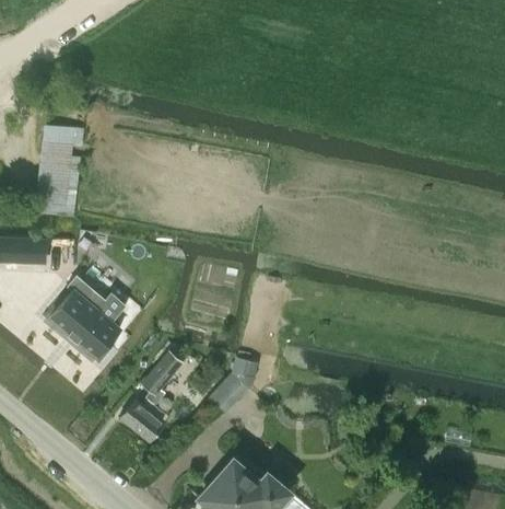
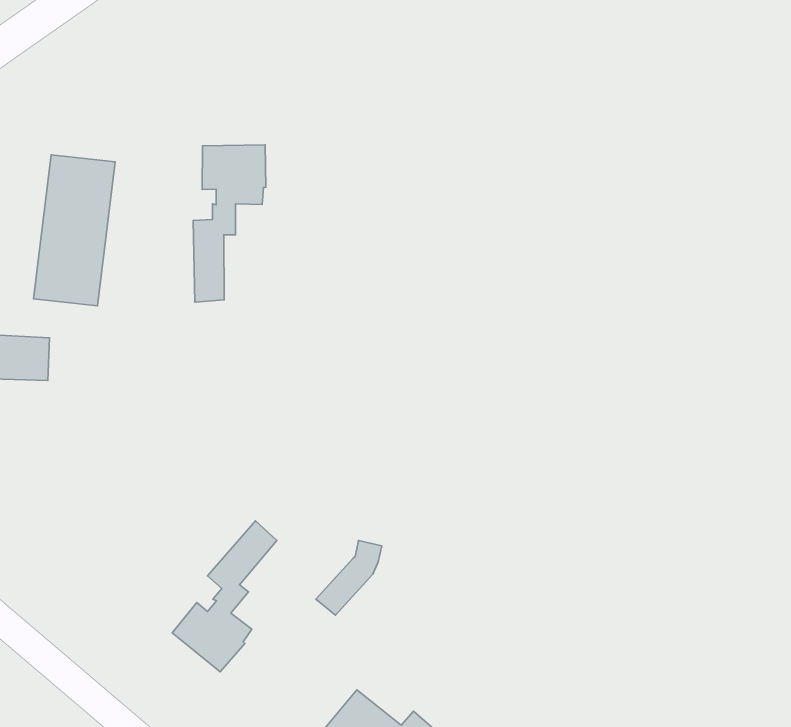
building: none -> [193,145,266,302]
building: [49,274,124,355] -> none

